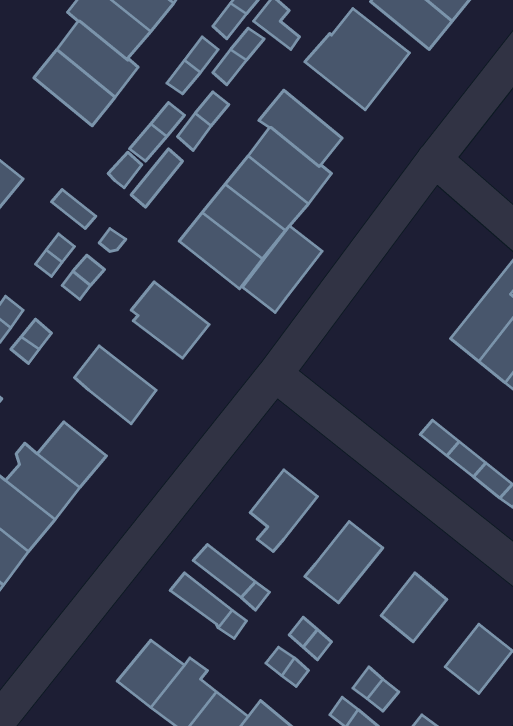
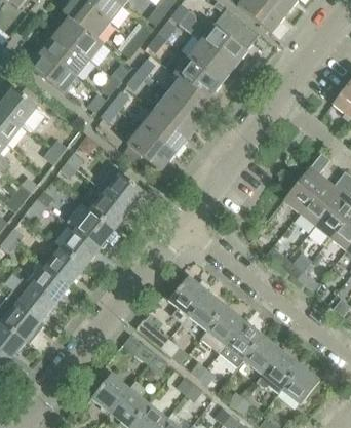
building: none -> [187,40,234,84]
building: none -> [29,49,76,93]
building: [243,226,322,313] -> none
building: none -> [85,190,128,230]
building: none -> [60,230,99,268]
building: none -> [187,291,225,330]
building: none -> [219,321,263,367]
building: none -> [256,351,300,394]

